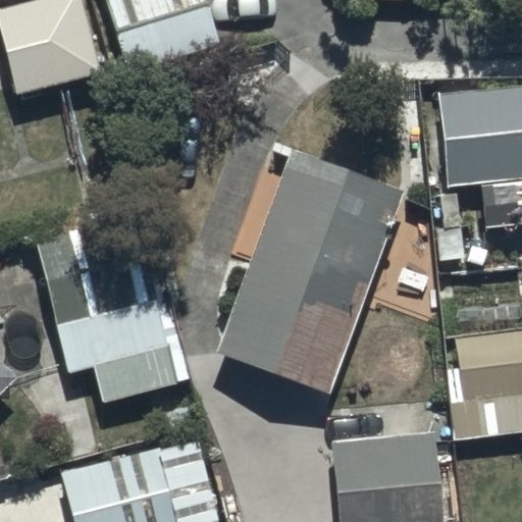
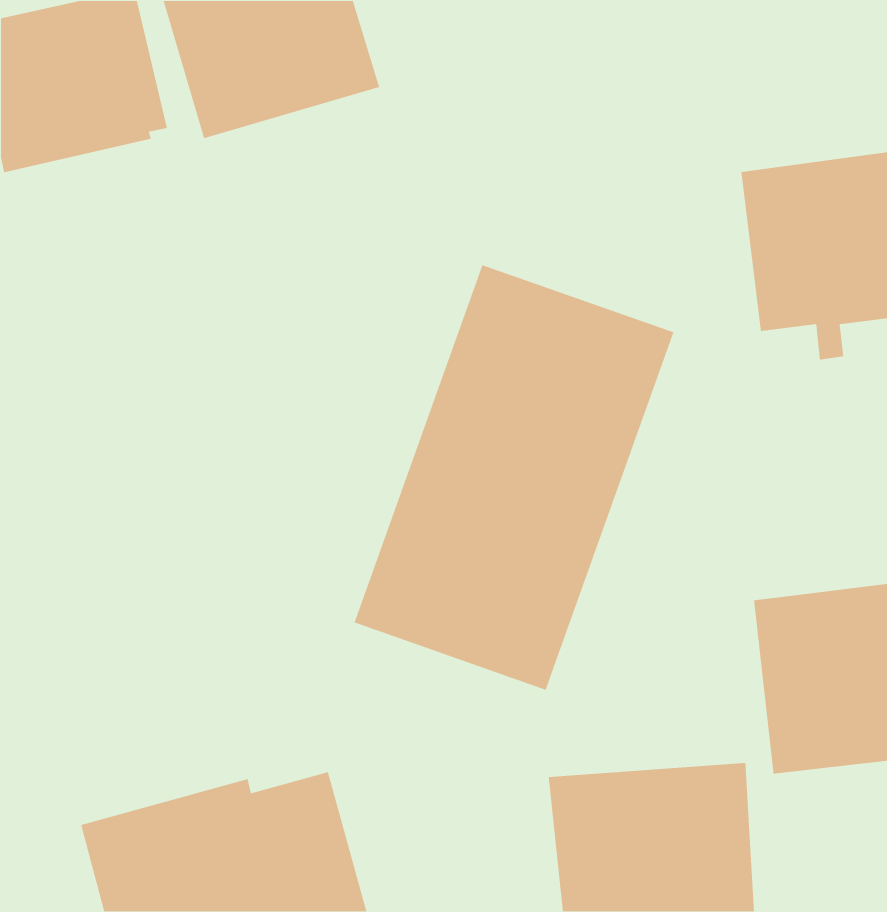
building: [35,220,193,402] -> none

